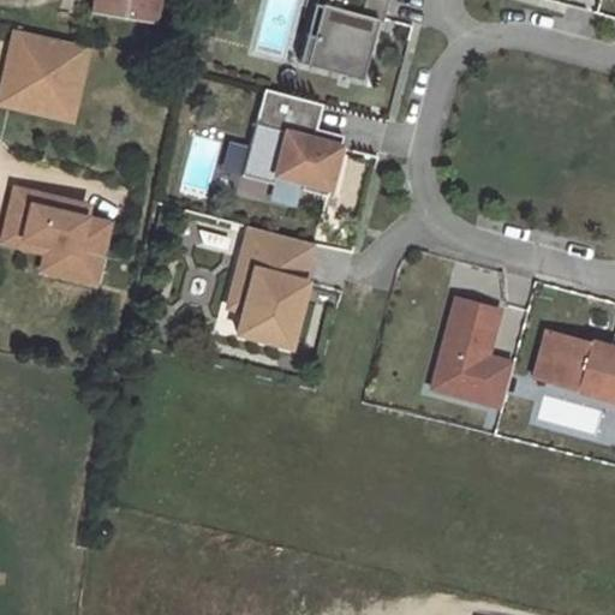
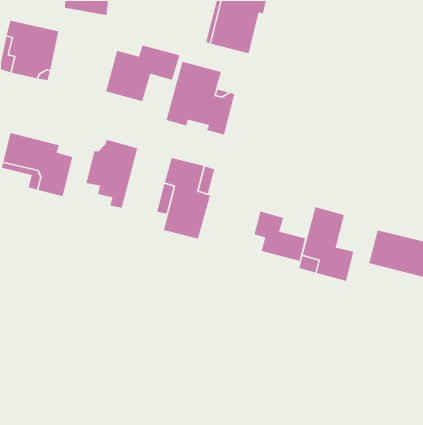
building: none -> [105,44,181,102]
building: none -> [85,139,138,209]
building: none -> [254,211,306,262]

